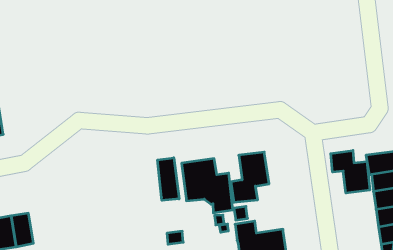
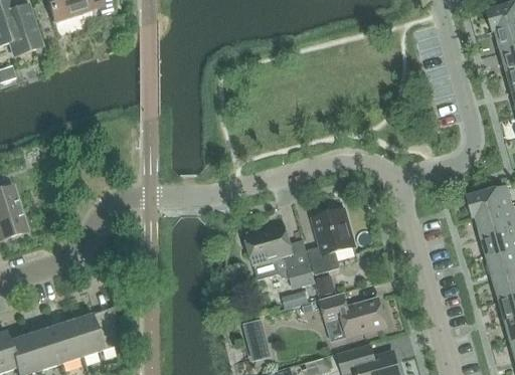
building: [331,150,370,193] -> none
building: [158,158,179,200] -> none
building: none -> [69,306,115,356]

